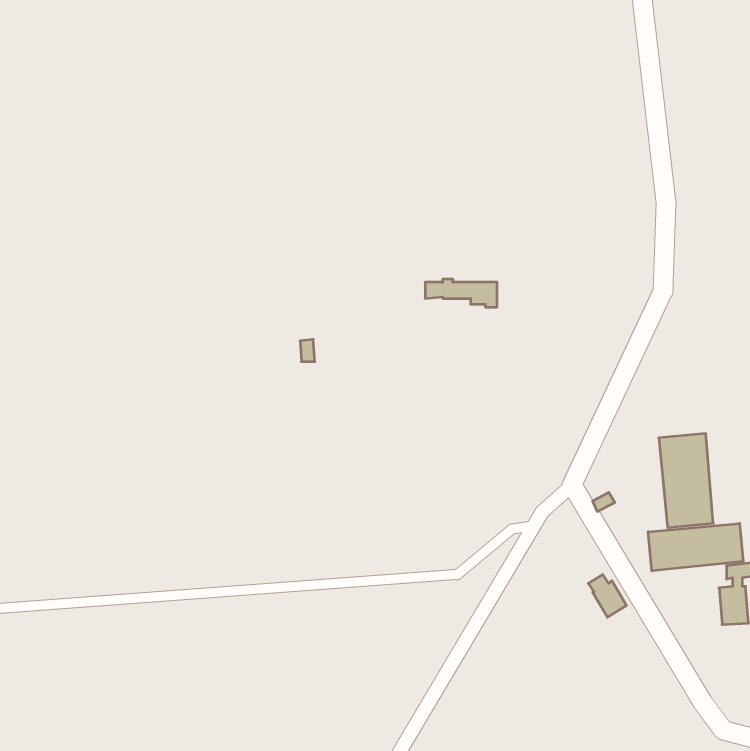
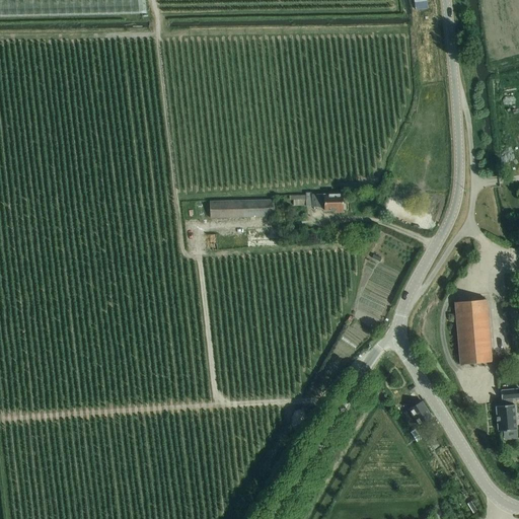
building: none -> [210,200,275,218]
building: [648,523,743,571] -> none

